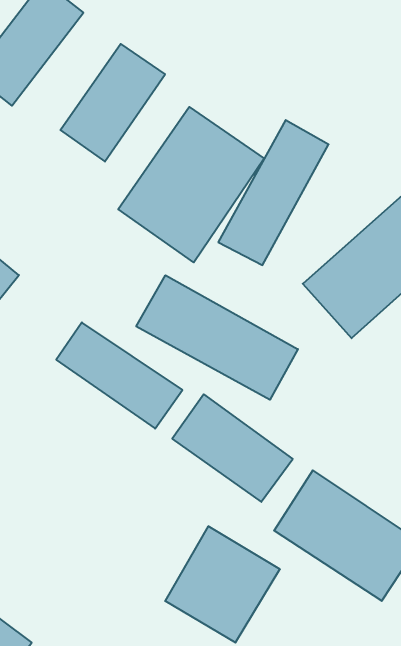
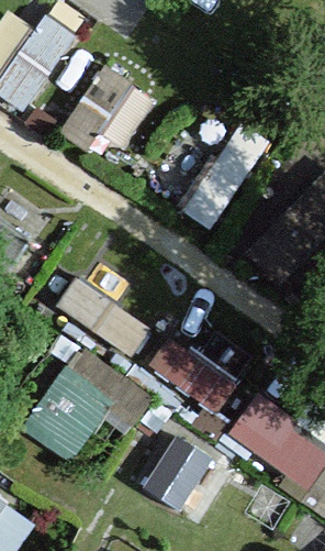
building: [118,107,264,262] -> none
building: [136,275,298,400] -> none
building: none -> [22,345,139,467]

